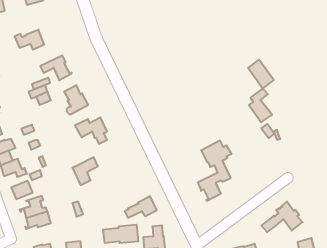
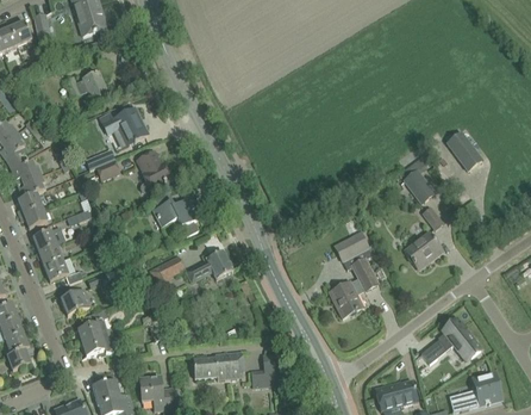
building: [248,60,274,88] -> [446,130,483,172]
building: none -> [405,231,443,266]
building: [125,196,157,218] -> [187,249,233,280]

